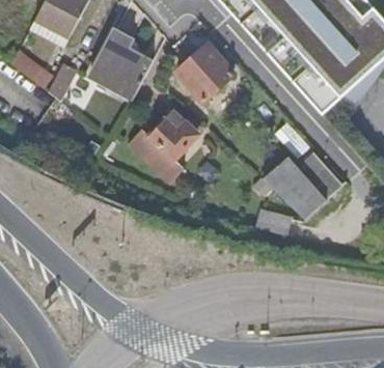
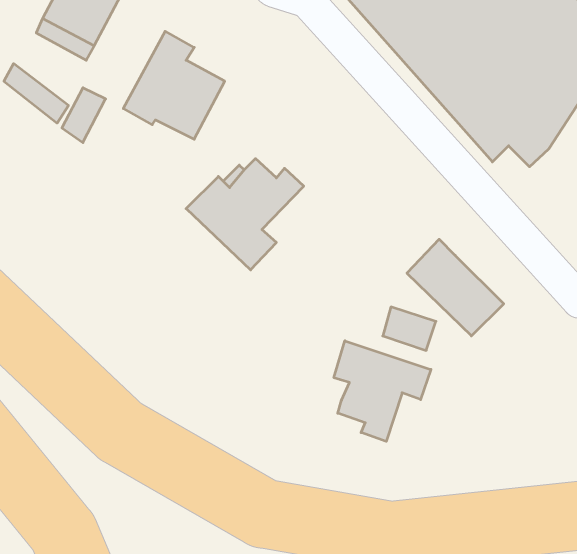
building: [176,44,234,100] -> none
building: [300,157,348,204] -> none
building: none -> [334,341,431,441]

